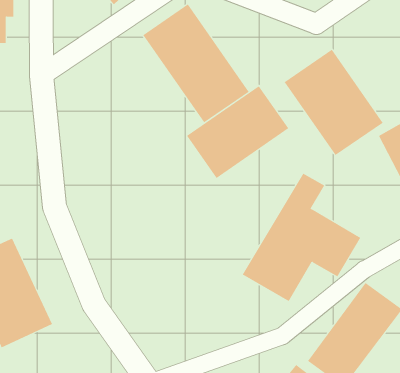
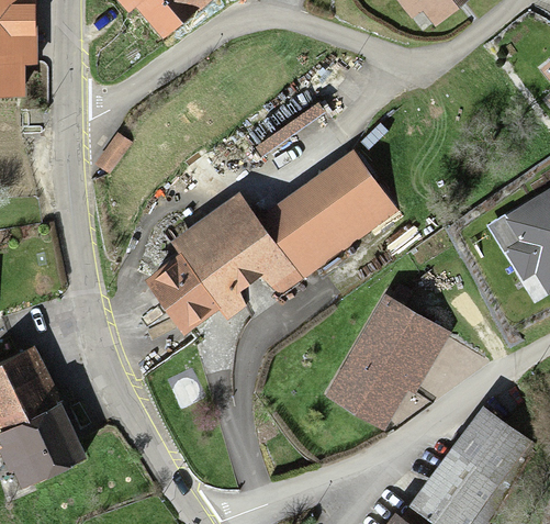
building: [143,4,249,123] -> none
building: [284,49,383,156] -> none
building: none -> [145,192,293,333]

